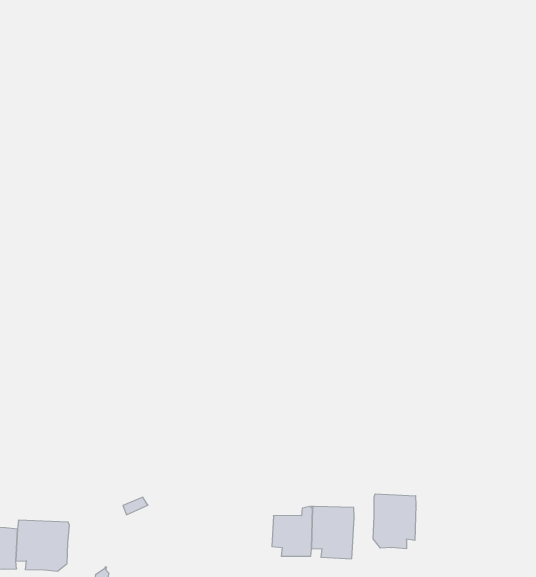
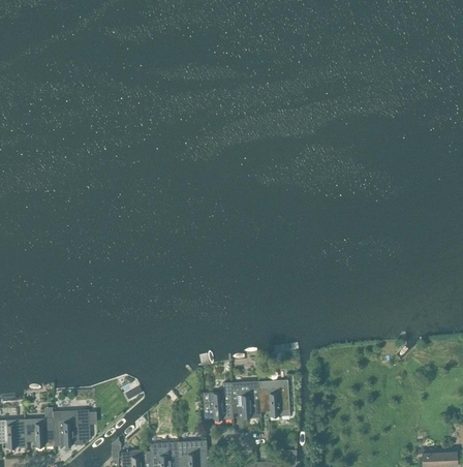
building: [373,494,416,549] -> none
building: none -> [203,382,233,419]

